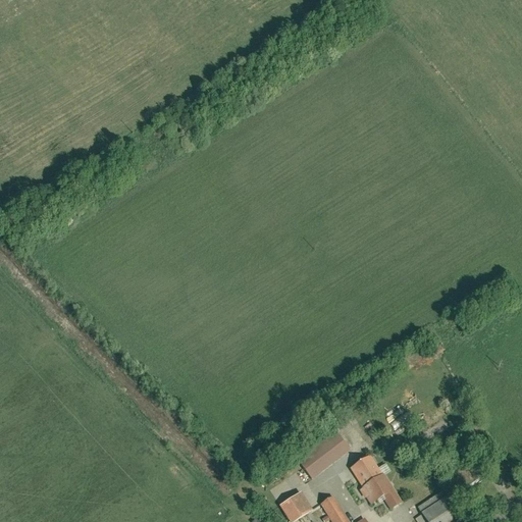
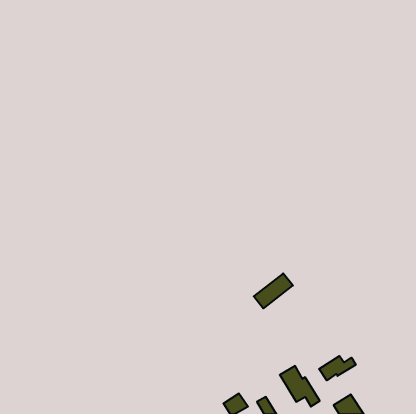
building: [300,432,349,476] -> [254,273,293,308]
building: none -> [319,356,356,380]

